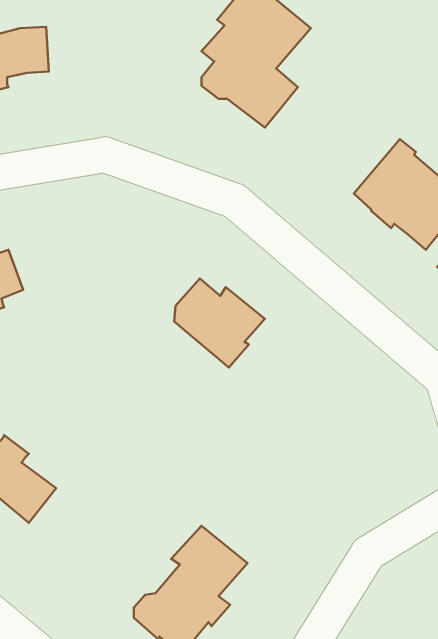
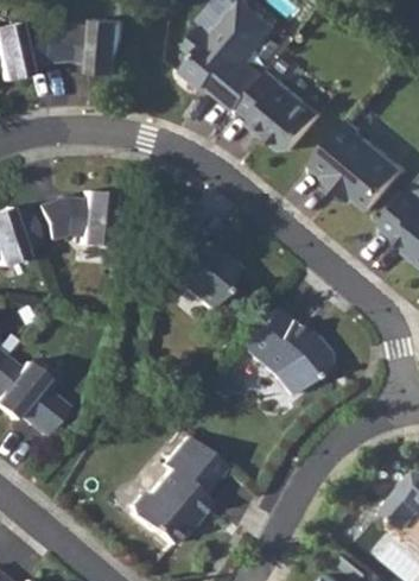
building: none -> [57,19,123,74]
building: none -> [240,71,320,150]
building: none -> [37,192,108,247]
building: none -> [240,308,329,396]

